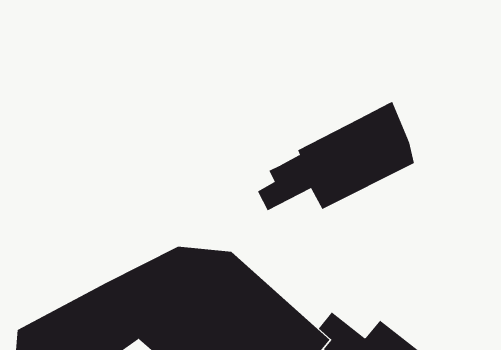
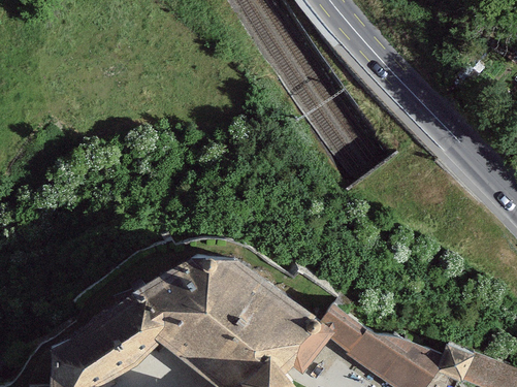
building: [257,101,414,211] -> none

